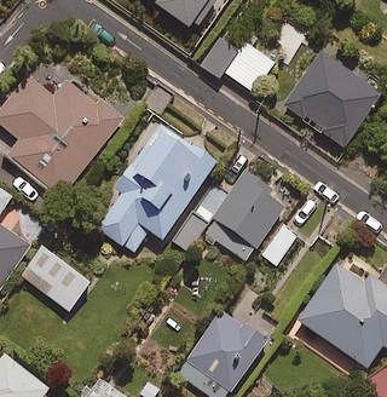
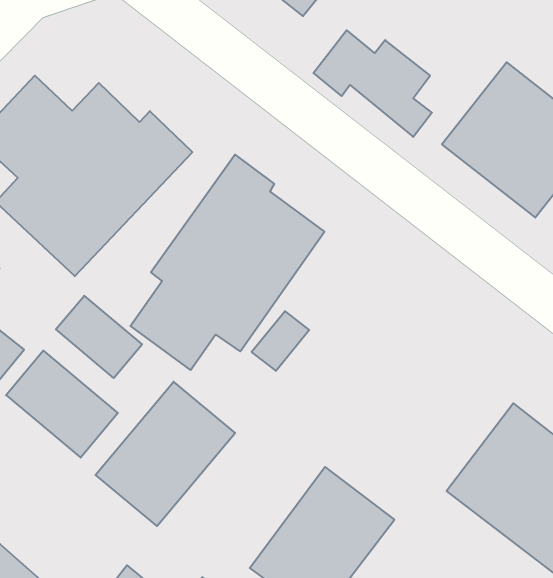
building: [200,172,298,265] -> none
building: none -> [56,296,142,378]
building: none -> [96,382,235,526]

